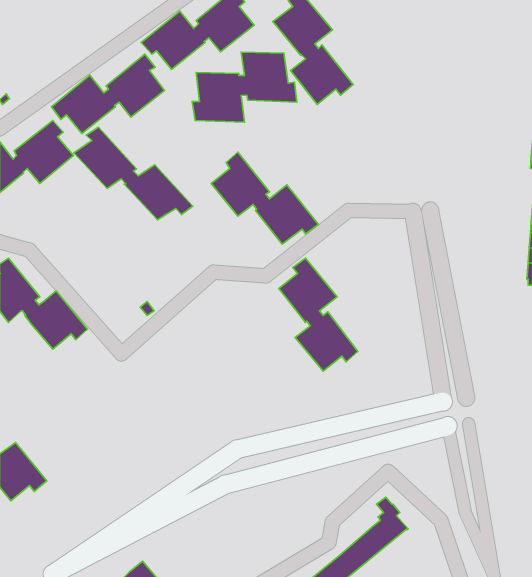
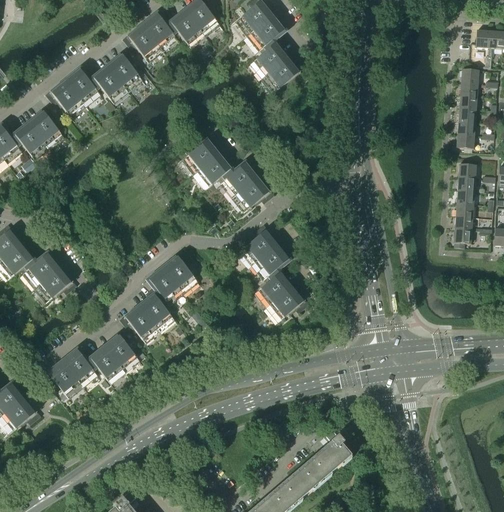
building: [192,52,297,122] -> none
building: [74,127,193,220] -> none
building: none -> [119,250,198,342]
building: none -> [42,329,139,398]

